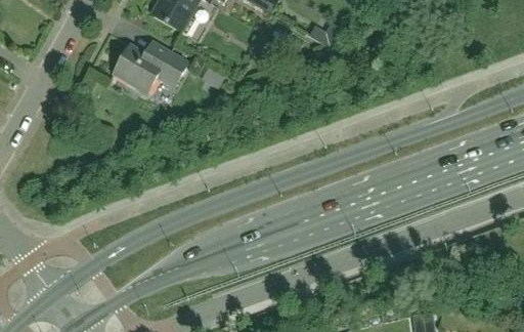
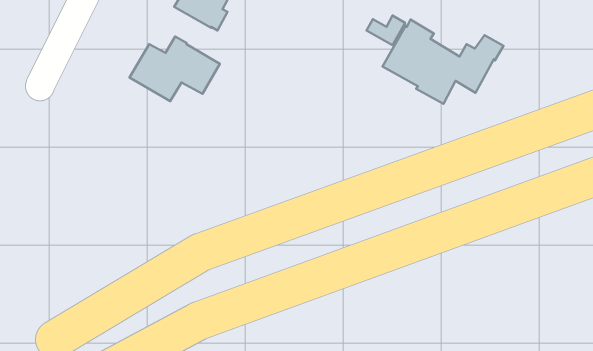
building: none -> [382,20,504,104]

